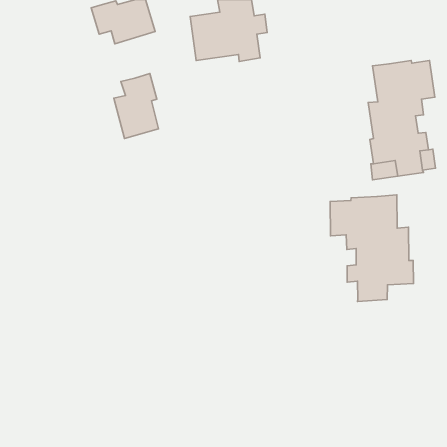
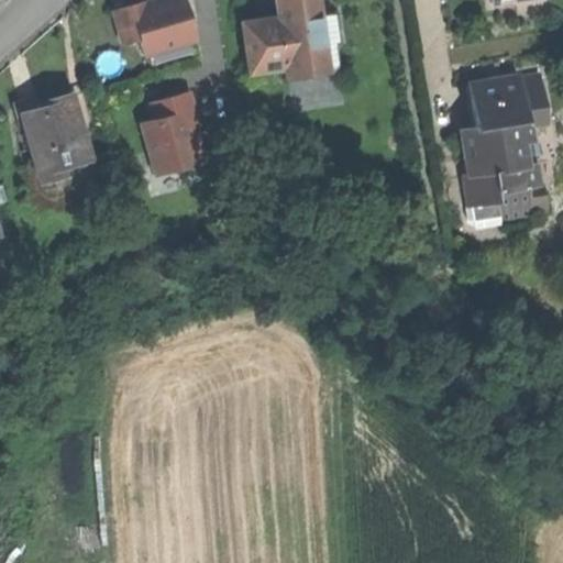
building: none -> [22,91,90,179]
building: [330,195,413,302] -> none

